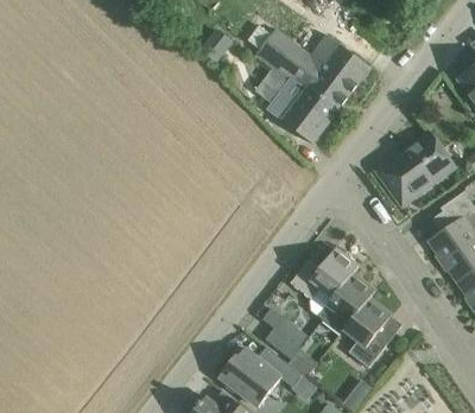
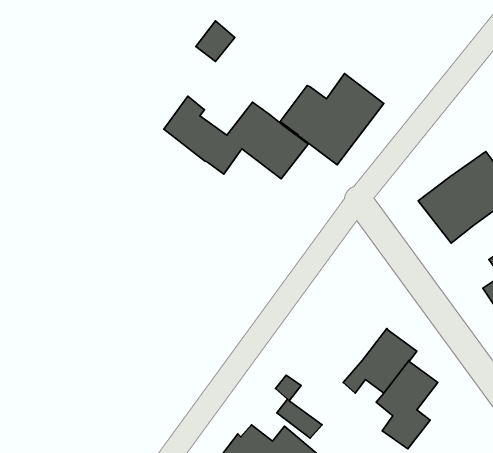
building: [256,30,370,95] -> [164,96,308,179]
building: [290,248,359,316] -> none

